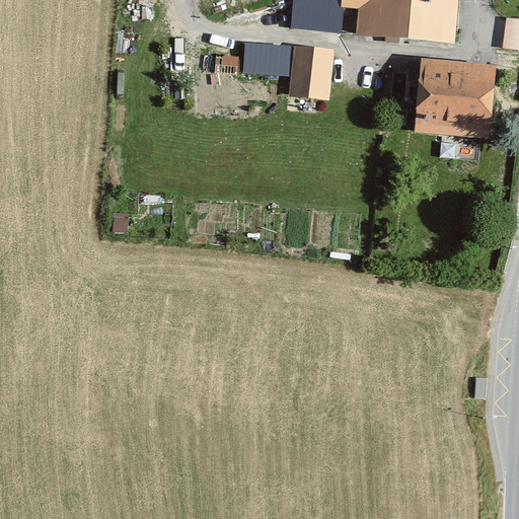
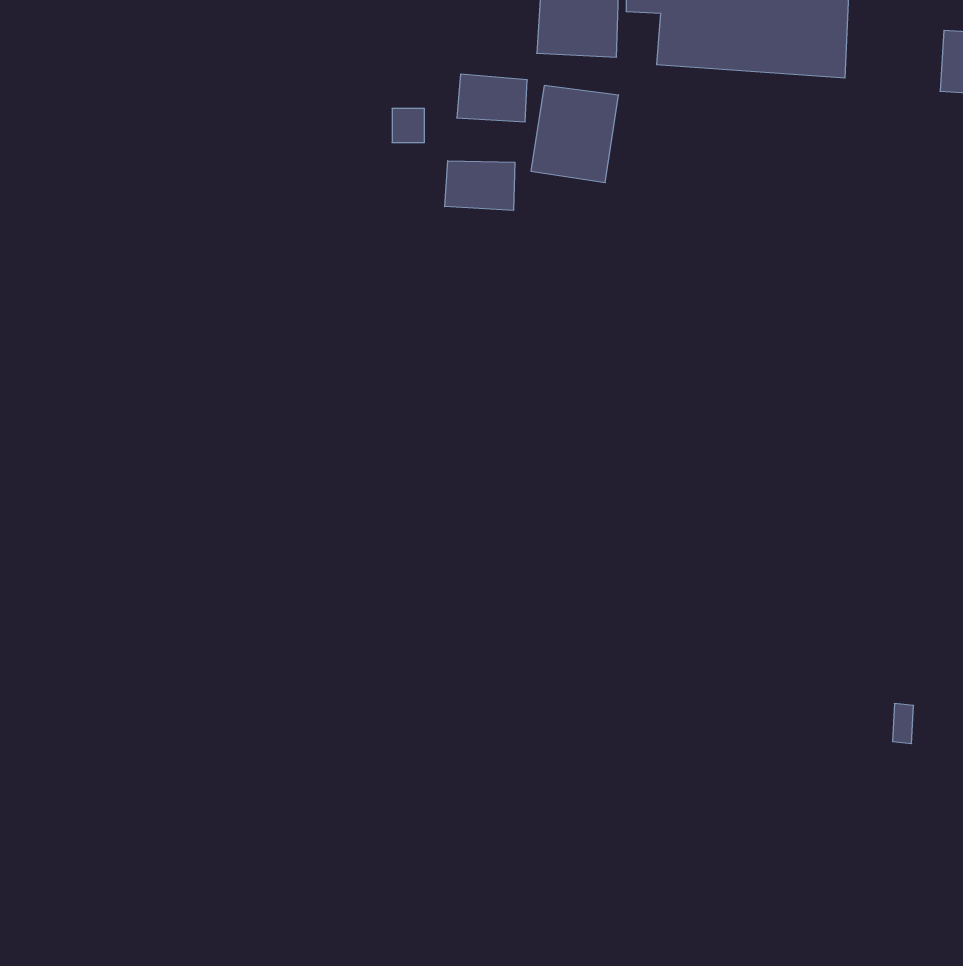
building: [413,60,491,137] -> none
building: none -> [445,161,515,210]

